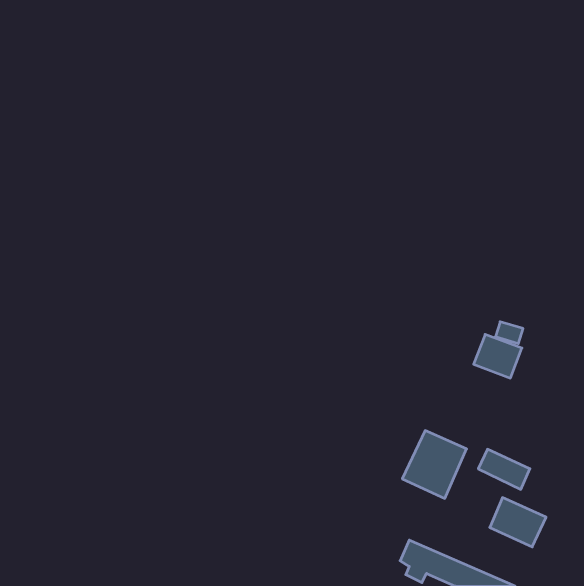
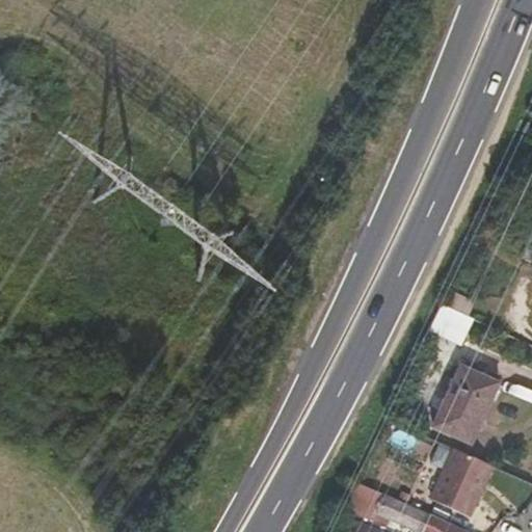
building: [402,431,467,498] -> [441,363,499,424]
building: none -> [432,477,481,518]

